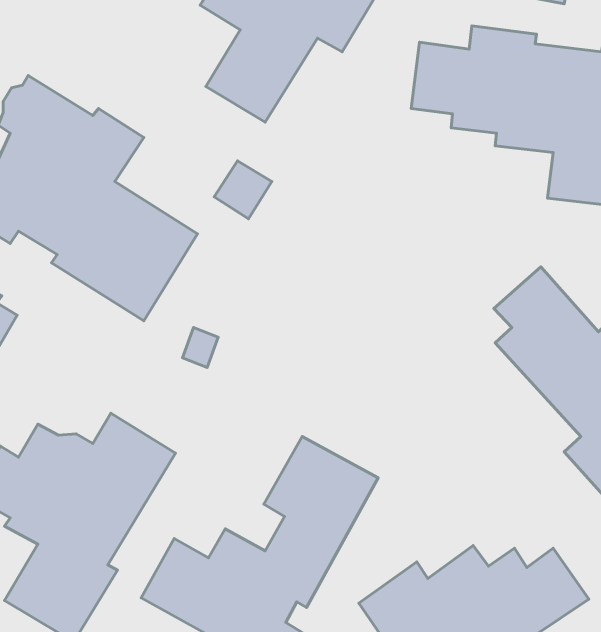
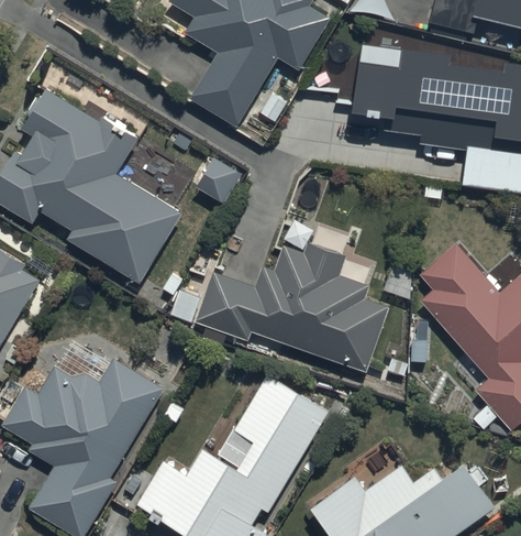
building: none -> [193,244,389,373]

